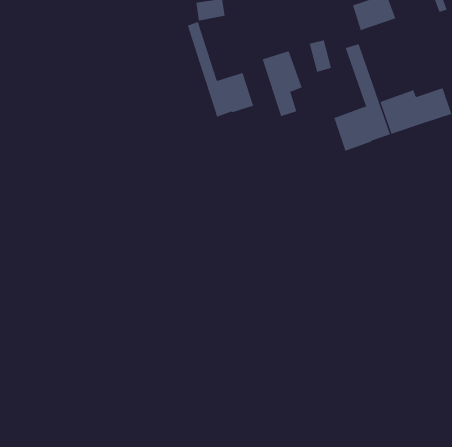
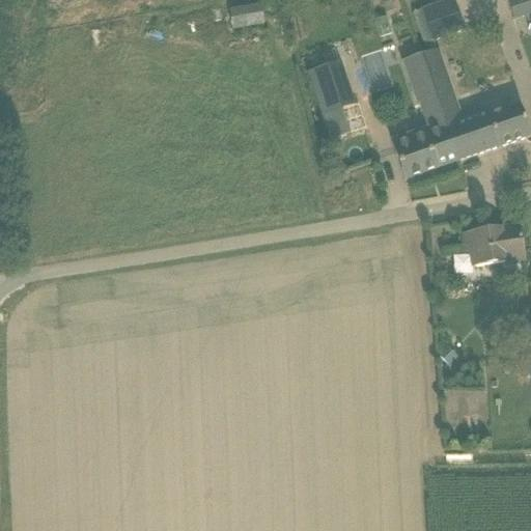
building: [187,21,254,117] -> none
building: none -> [421,45,454,95]
building: none -> [464,223,524,263]

